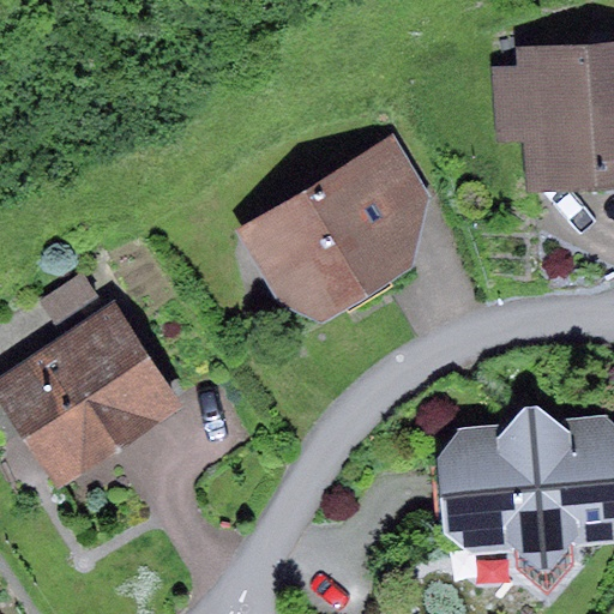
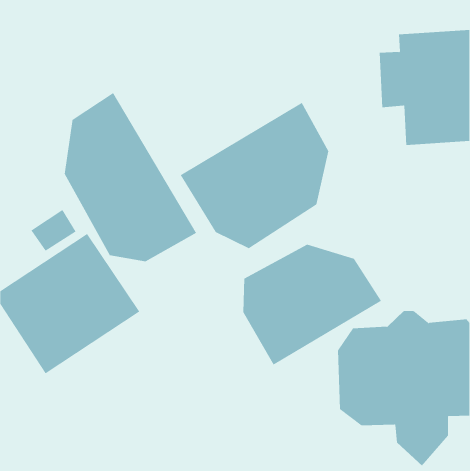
building: none -> [64,92,197,262]
building: none -> [243,244,382,365]

